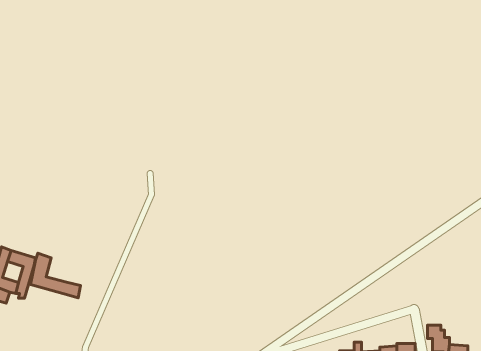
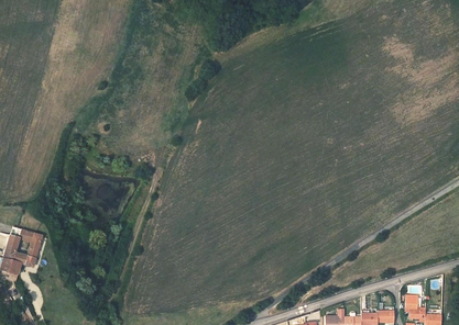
building: [31,253,81,298] -> none

